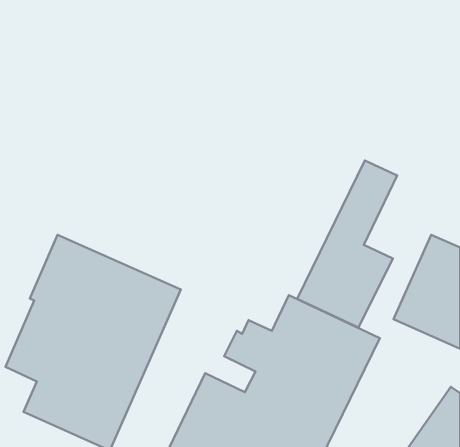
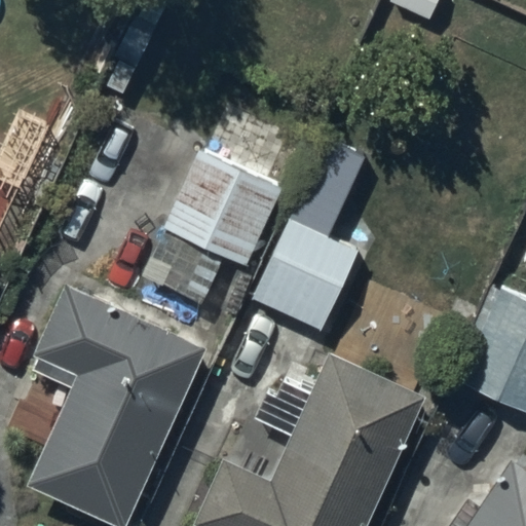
building: none -> [161,151,286,271]
building: [297,160,397,328] -> [253,142,367,333]

